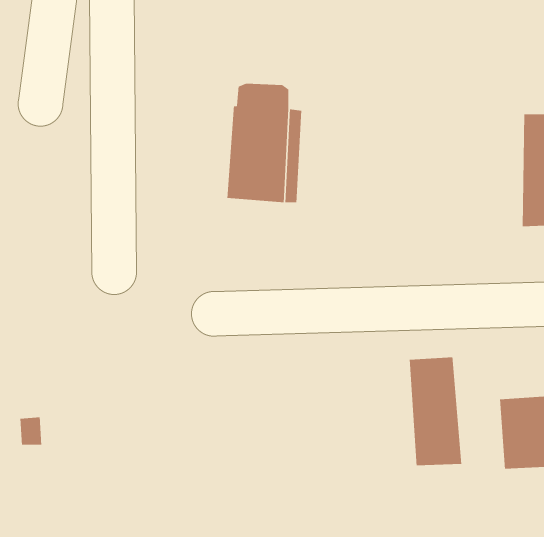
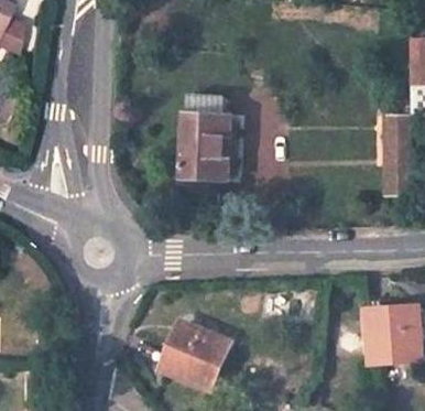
building: [409,356,462,466] -> none
building: none -> [162,322,228,388]

